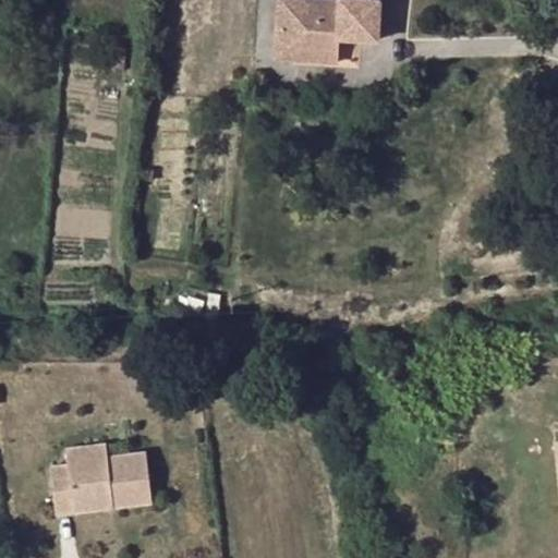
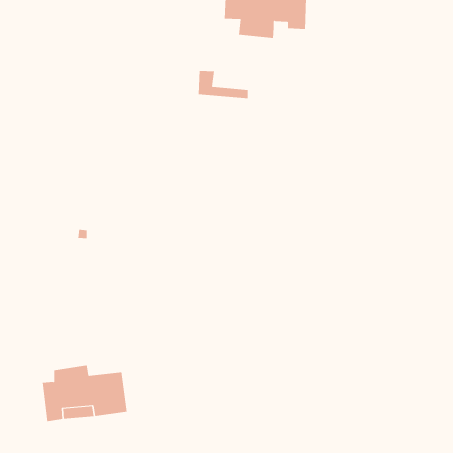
building: [272,23,335,58] -> [198,70,249,99]

